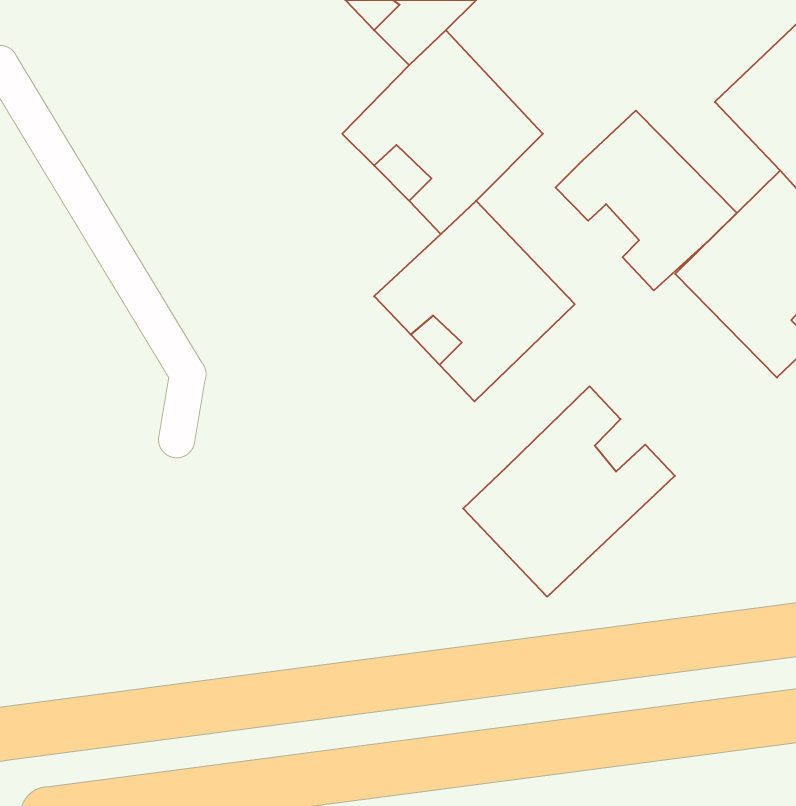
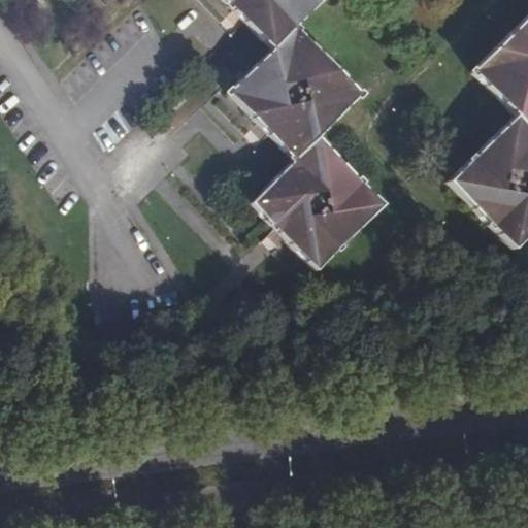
building: [556,111,737,290] -> none
building: [463,386,675,597] -> none

